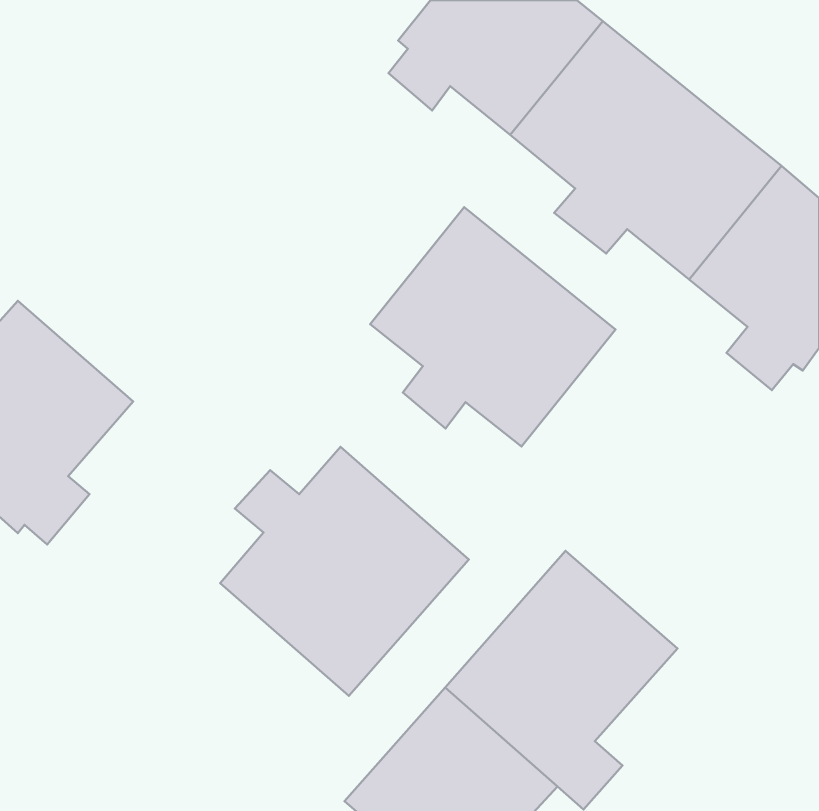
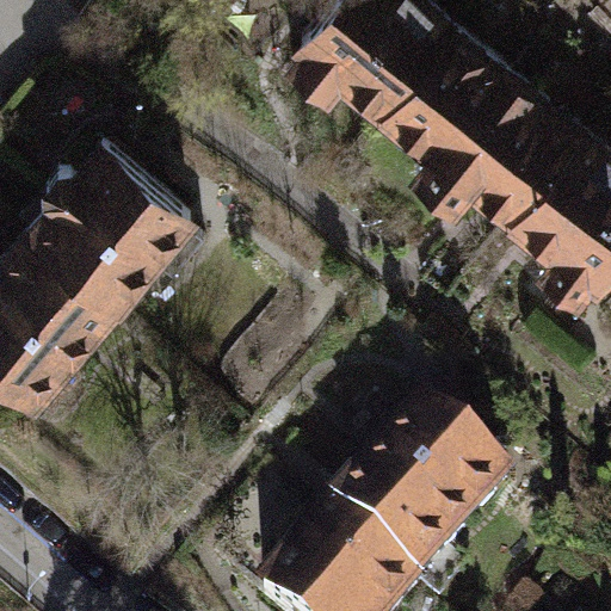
building: none -> [13,150,189,309]
building: [370,207,615,447] -> none
building: [220,447,469,696] -> none

